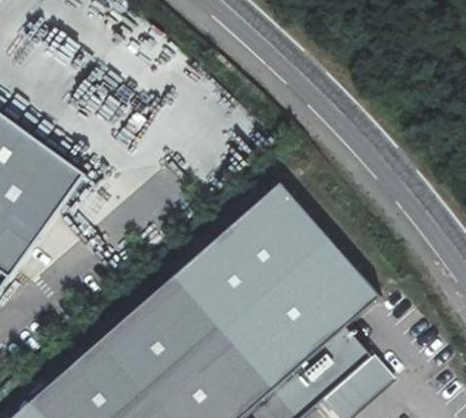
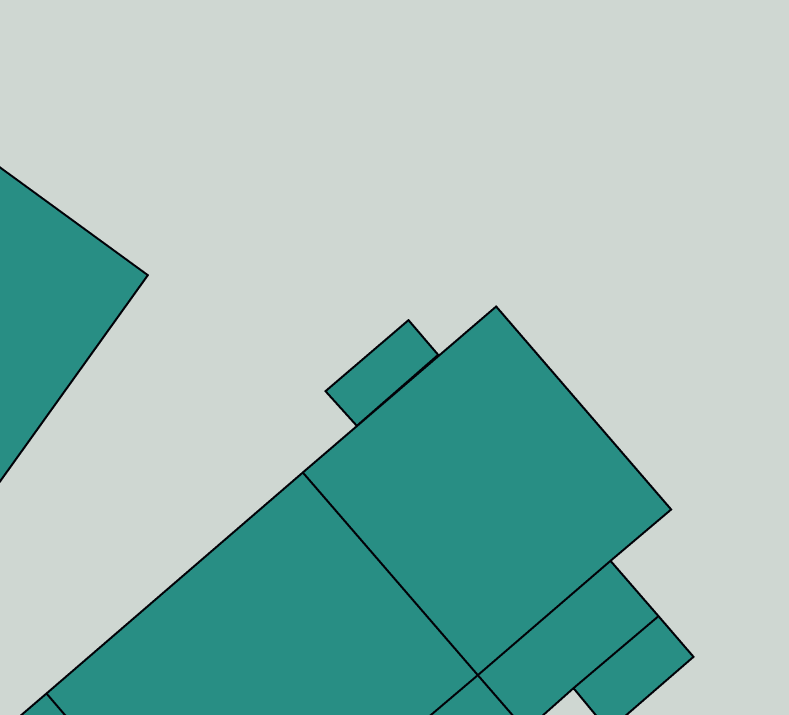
building: none -> [325,320,438,426]

